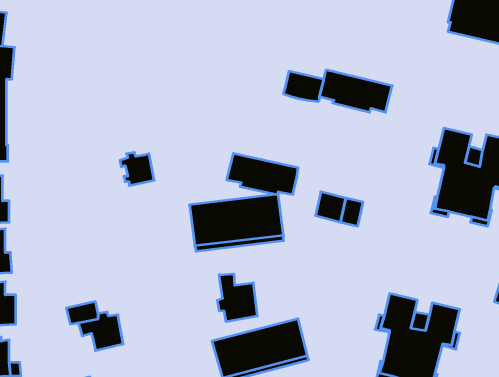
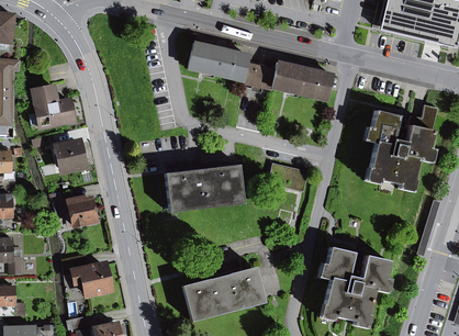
building: none -> [32,86,74,127]
building: [120,152,154,185] -> [55,142,83,169]
building: [227,153,298,194] -> [189,43,248,77]
building: none -> [65,198,96,225]
building: [217,274,257,322] -> none

